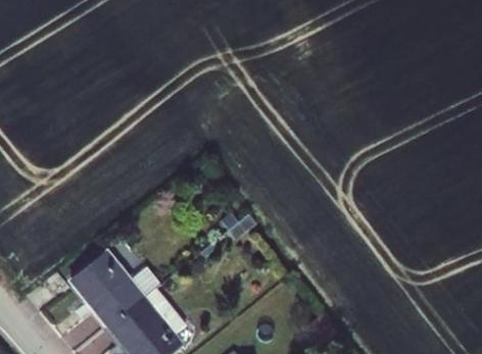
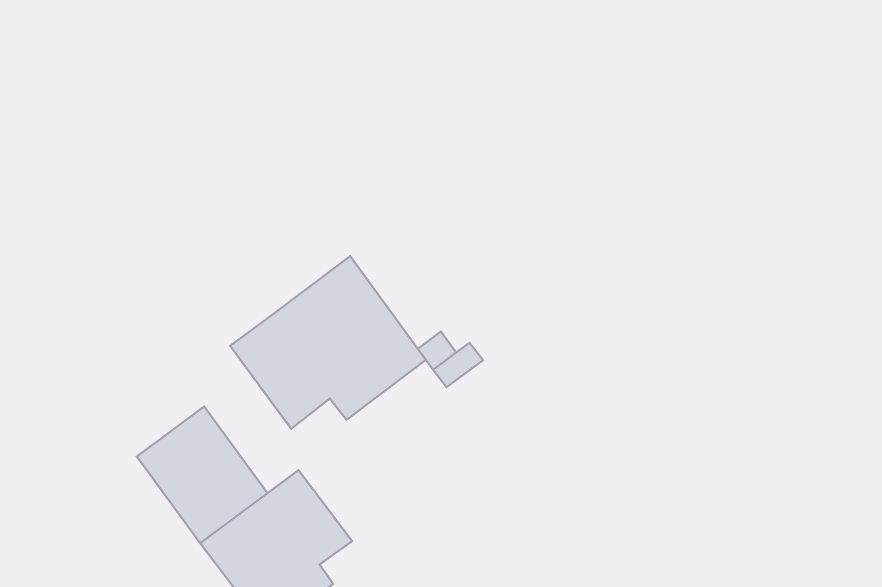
building: none -> [230,256,426,429]

